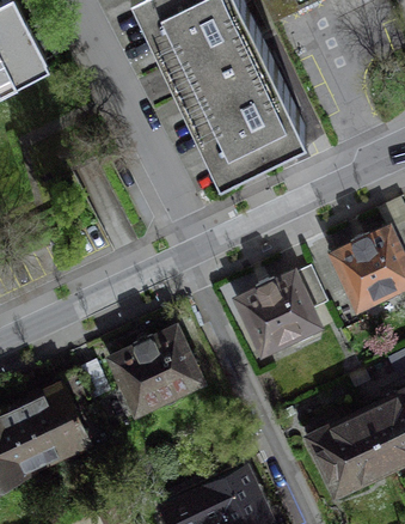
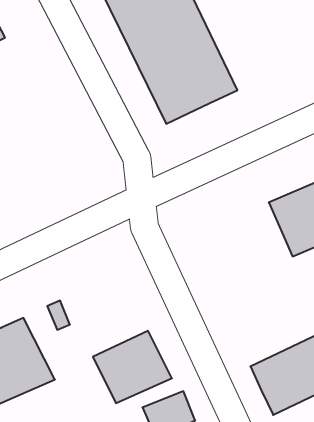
building: [238,273,319,354] -> none
building: [112,329,200,409] -> [93,331,172,403]

